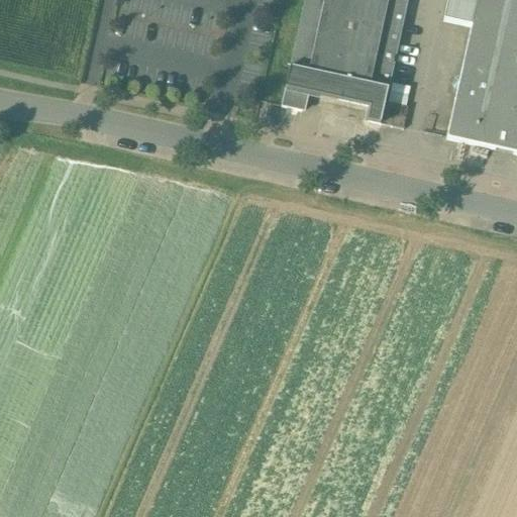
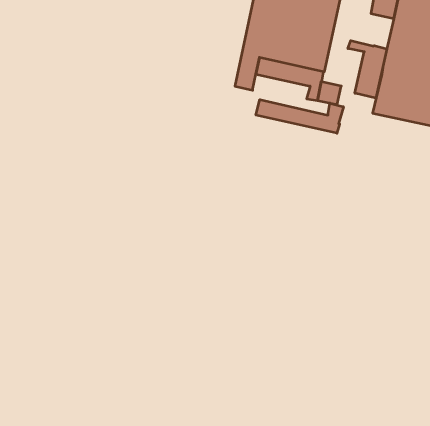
building: none -> [348,41,387,98]
building: none -> [256,100,343,133]

